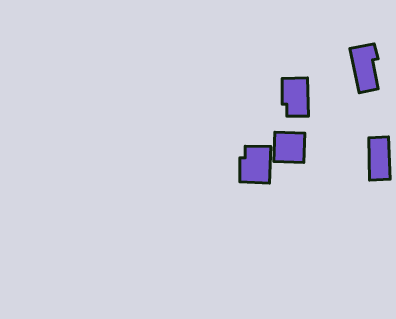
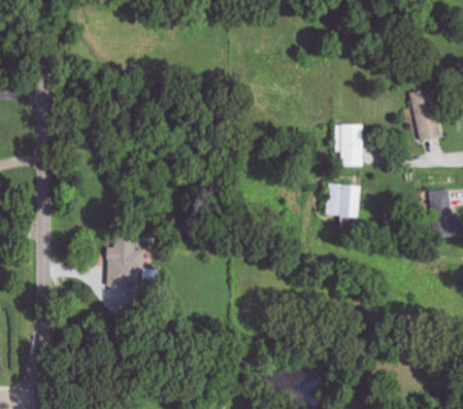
building: [240,146,271,183] -> none
building: none -> [106,228,143,304]

